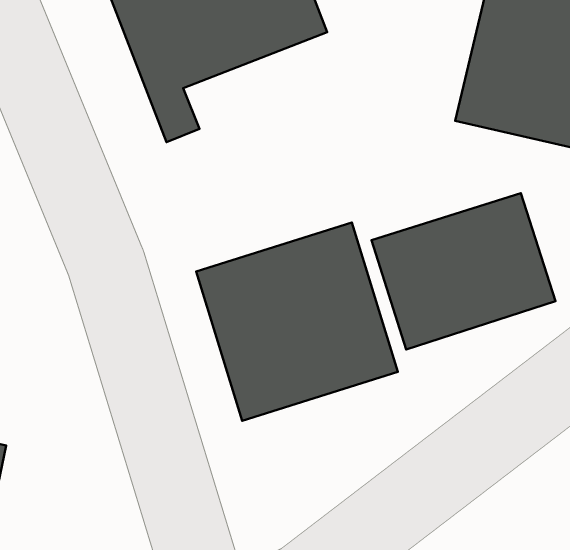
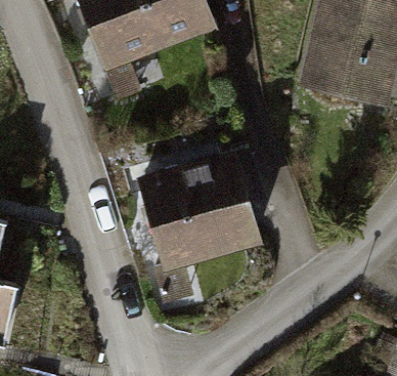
building: [372,193,555,349] -> none

